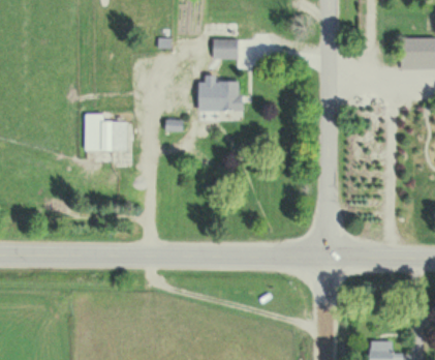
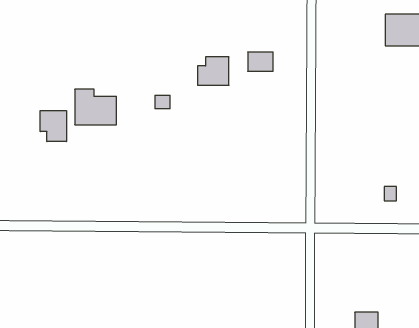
building: [212,39,238,59] -> [248,52,273,71]
building: none -> [40,111,66,142]

